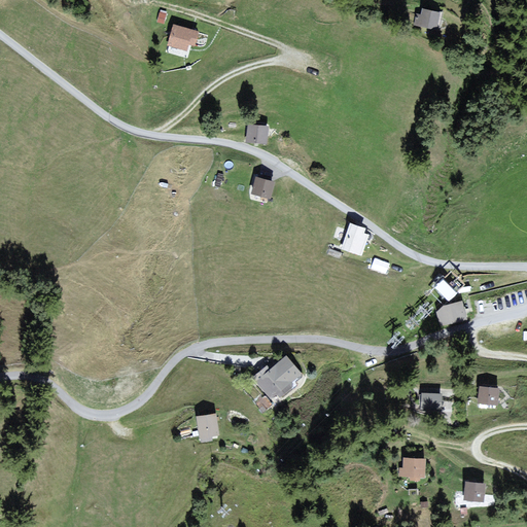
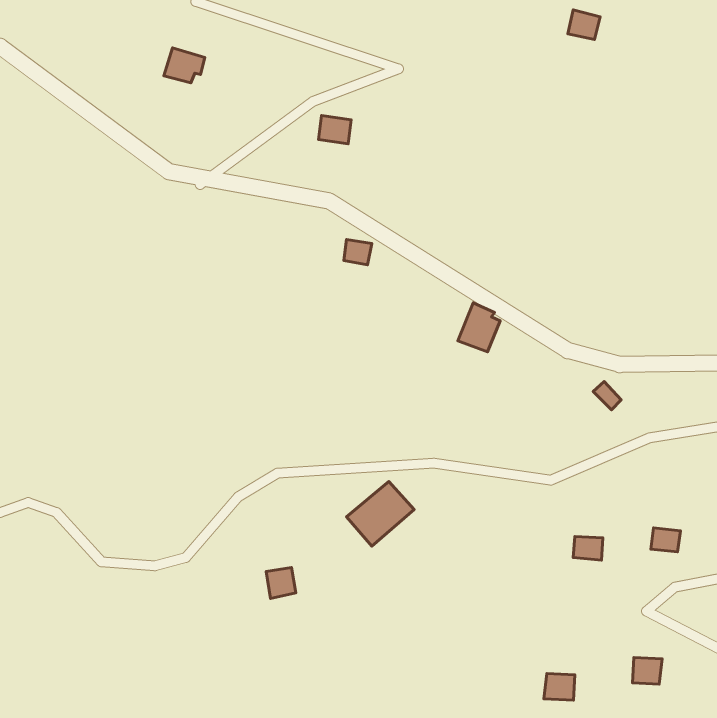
building: [171,26,201,51] -> [164,48,205,83]
building: [245,124,269,144] -> [319,116,351,144]
building: [434,303,463,324] -> none
building: [400,457,423,477] -> [544,673,575,700]

